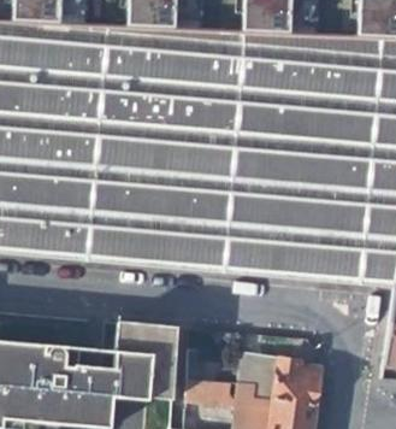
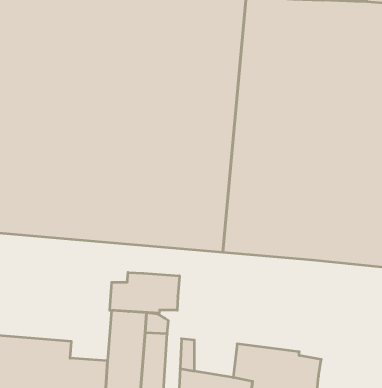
building: none -> [110,272,179,313]

